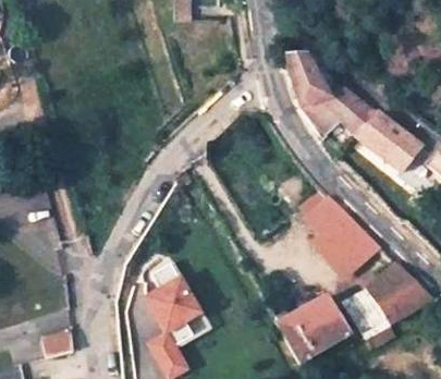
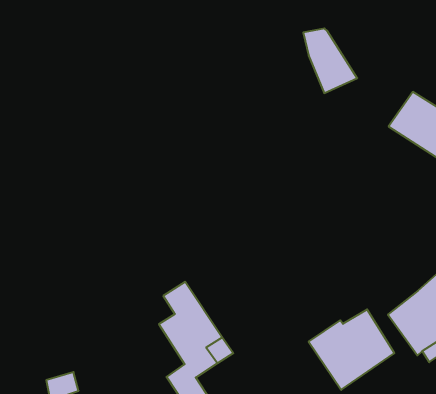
building: [302,89,378,157] -> none
building: [303,186,380,276] -> none

